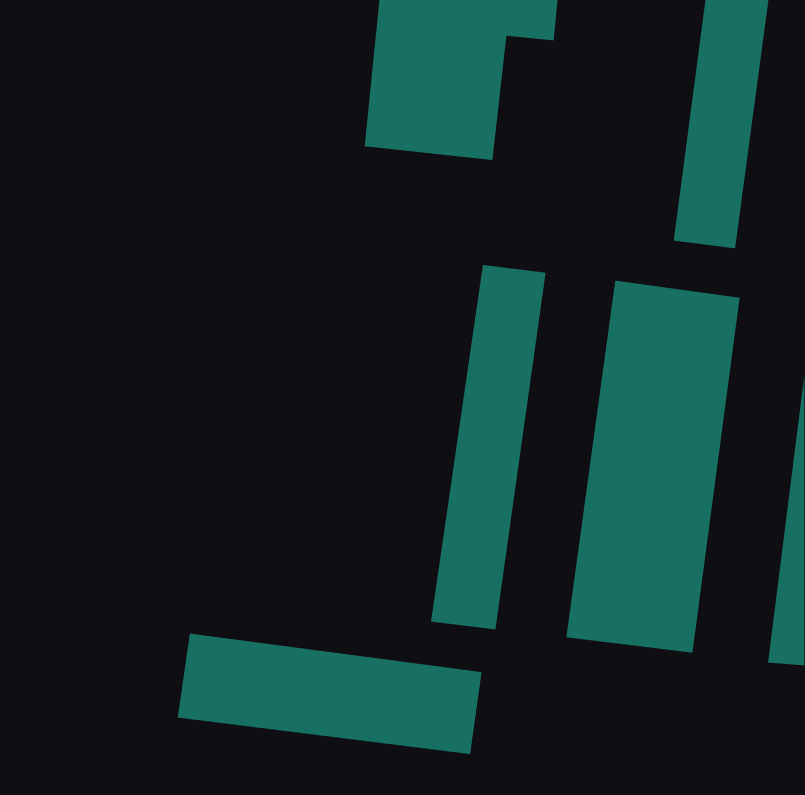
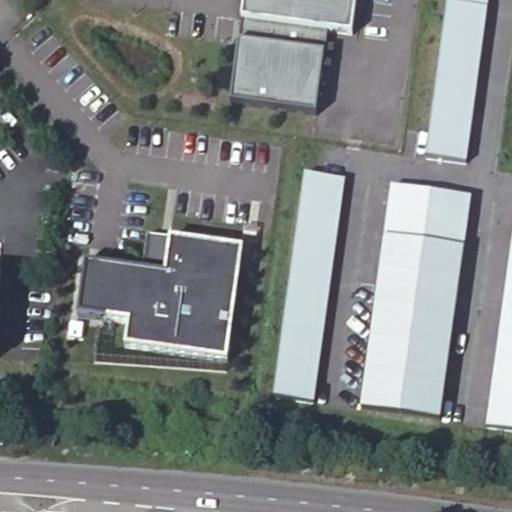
building: none -> [70,233,241,358]
building: [177,633,482,755] -> none

